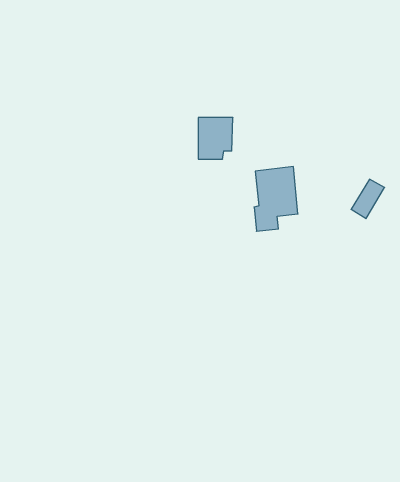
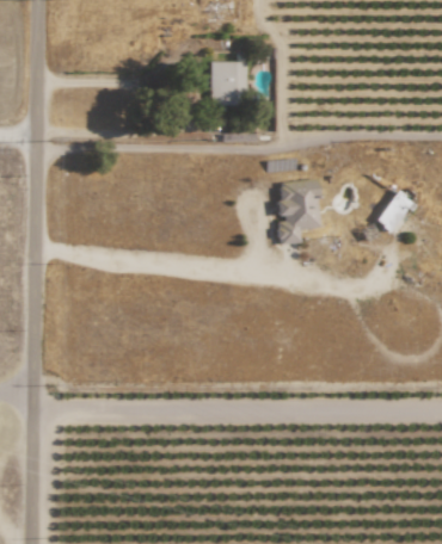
building: [198,118,233,159] -> [211,62,247,105]

